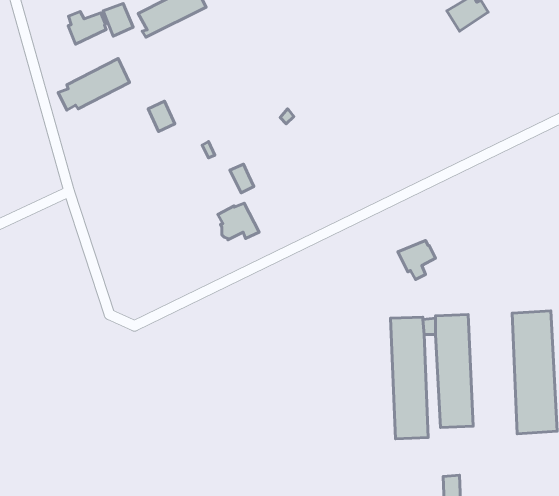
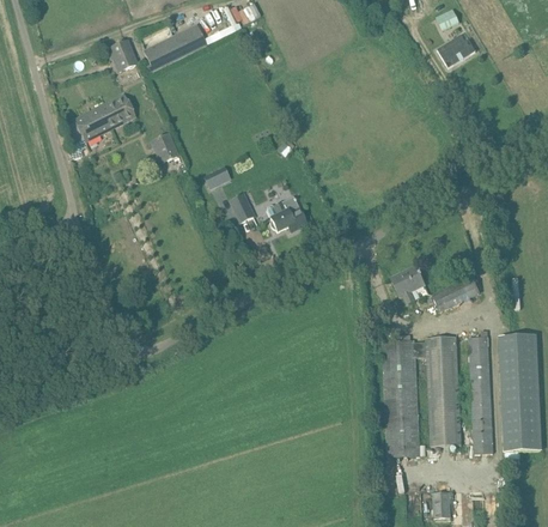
building: [68,11,106,44] -> none
building: [218,203,259,240] -> [267,195,306,230]
building: none -> [432,274,479,310]
building: none -> [469,335,492,452]

